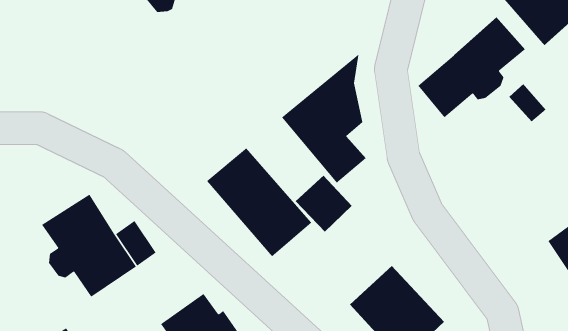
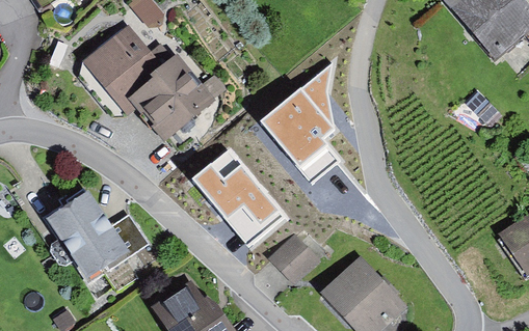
building: none -> [81,23,214,140]
building: [417,17,526,118] -> none
building: [295,175,352,232] -> [267,233,319,285]

